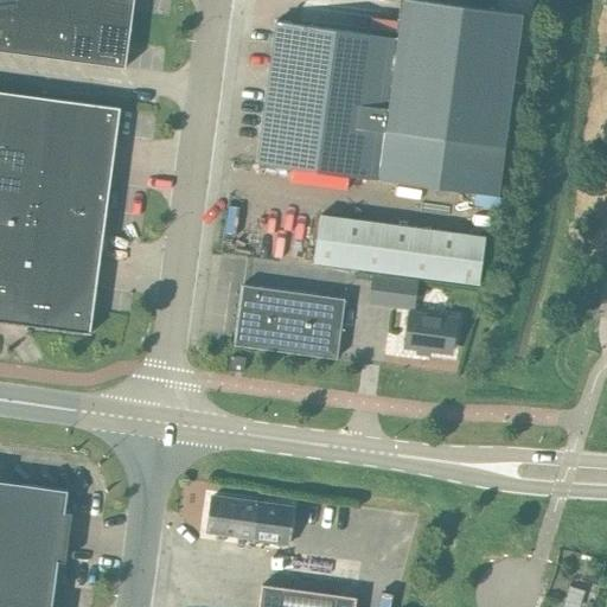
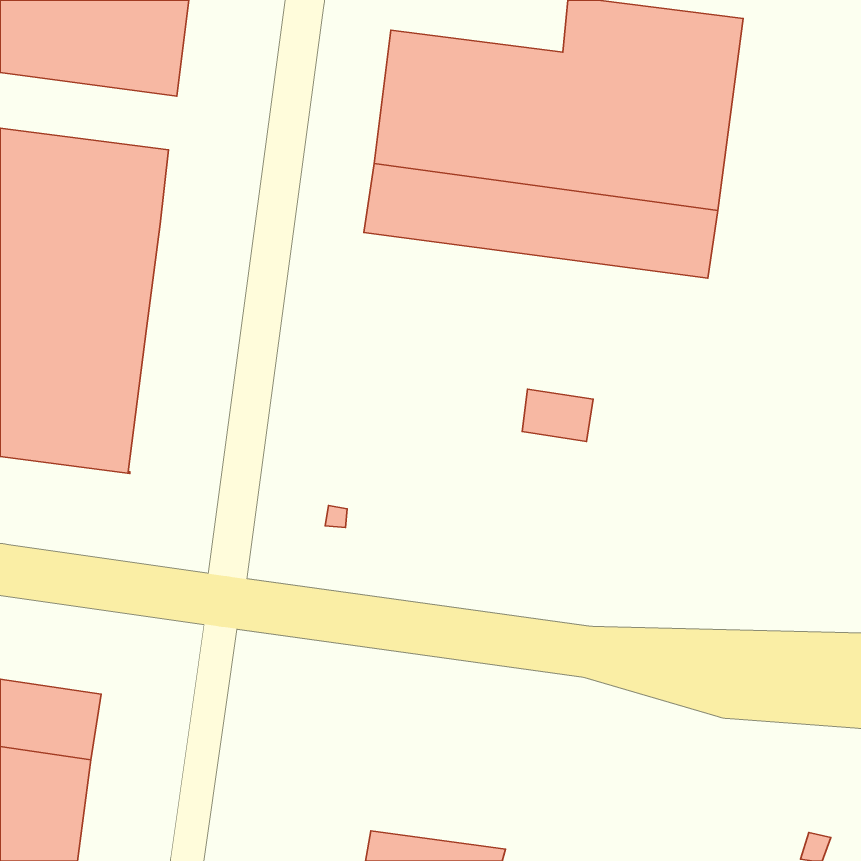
building: [314,215,485,285] -> none
building: [234,285,345,359] -> none
building: [403,312,455,354] -> none
building: [206,496,293,545] -> none

